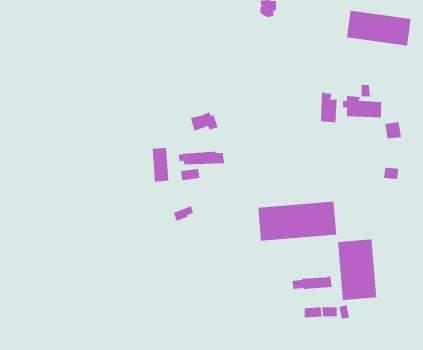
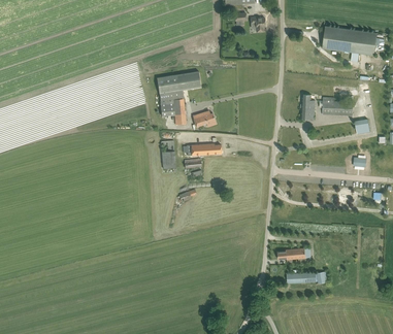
building: none -> [157,71,201,126]
building: [258,201,337,242] -> none
building: [338,239,377,301] -> none

